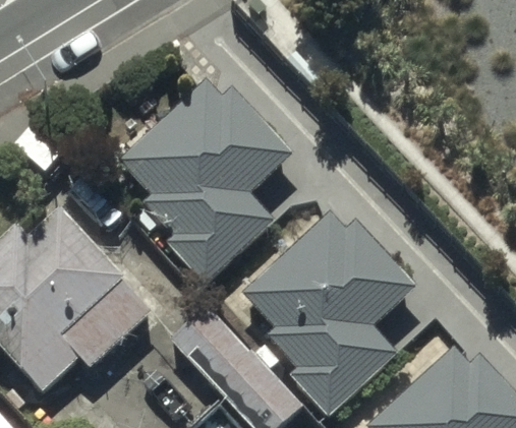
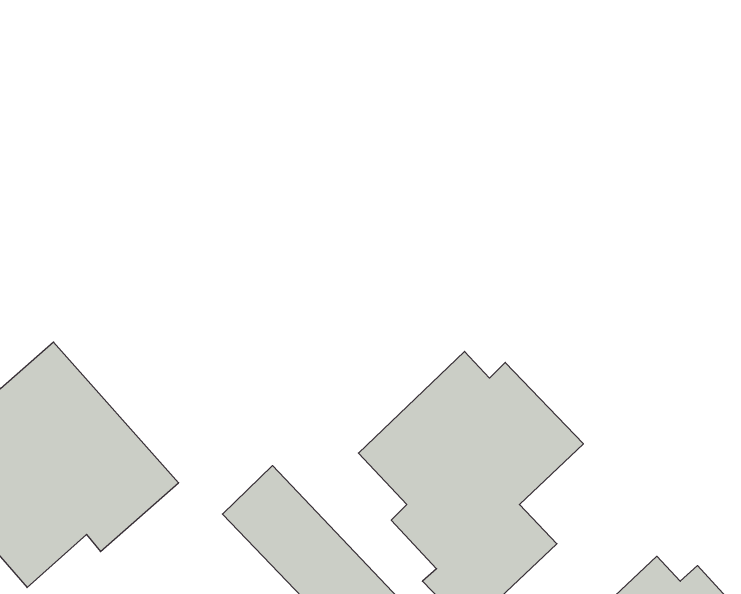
building: [136,97,284,277] -> none

